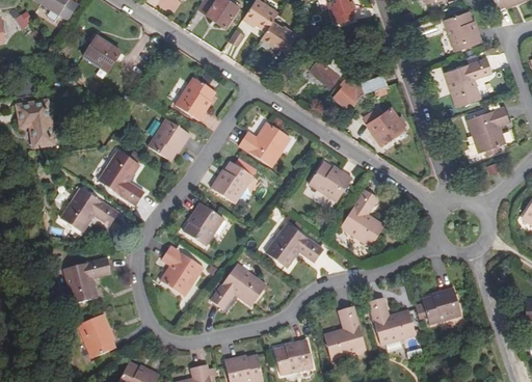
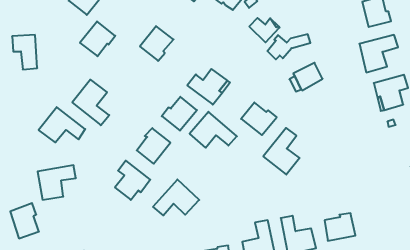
building: [150,118,192,161] -> [80,21,115,56]
building: [266,223,324,268] -> [190,112,237,148]
building: [79,312,116,357] -> [10,203,39,238]

